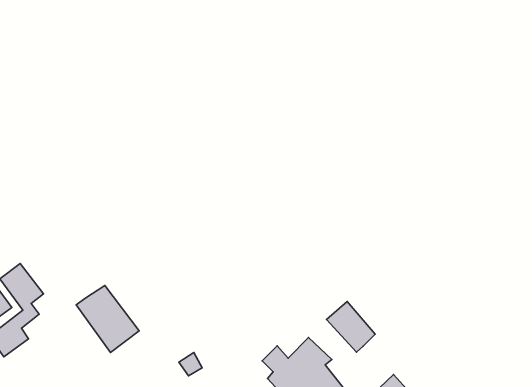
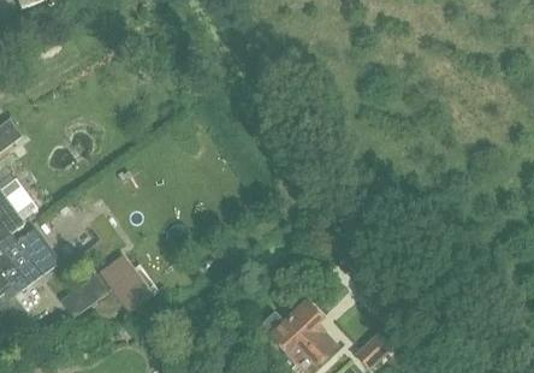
building: [326,302,375,352] -> none
building: none -> [58,276,106,318]

